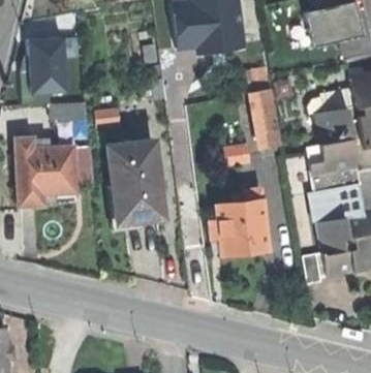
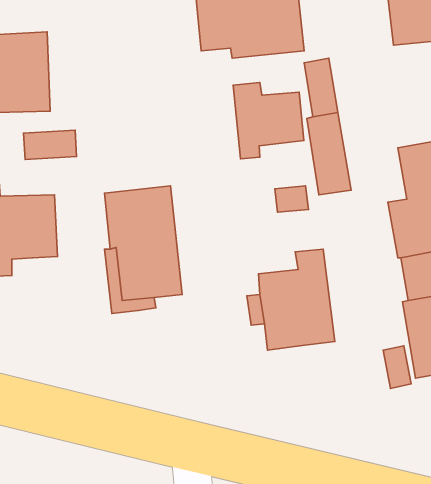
building: none -> [233,83,304,159]

